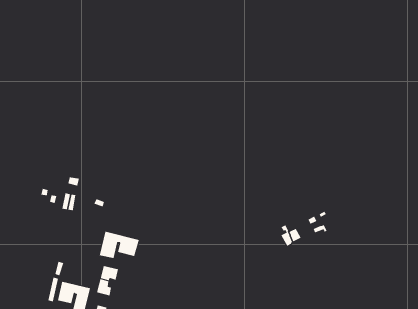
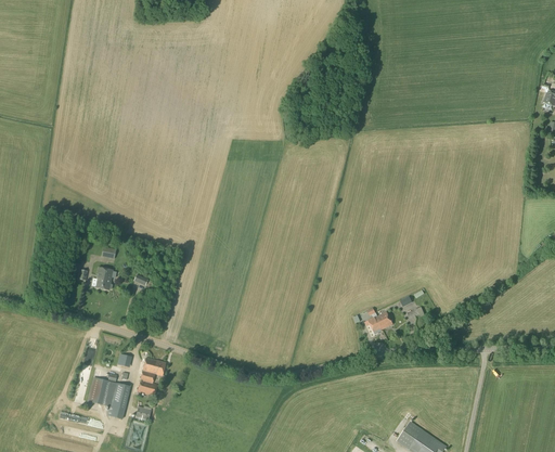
building: [99,231,139,259] -> none

